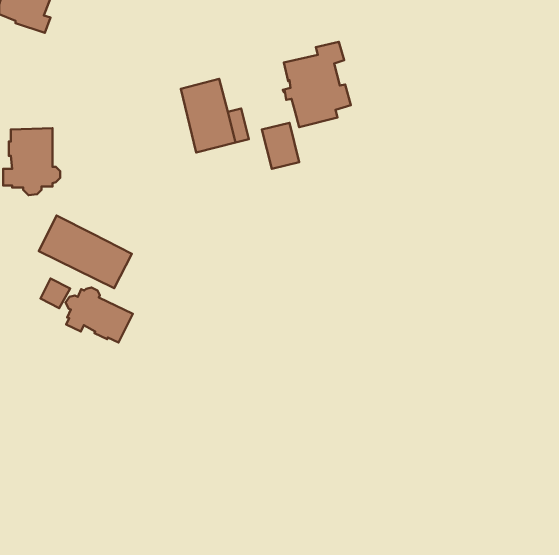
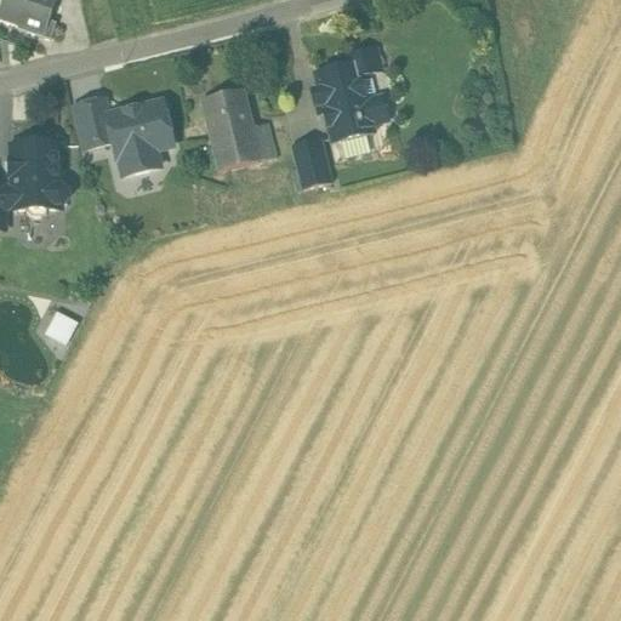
building: none -> [70,92,176,175]
building: [39,216,132,288] -> none
building: [66,288,133,343] -> none

